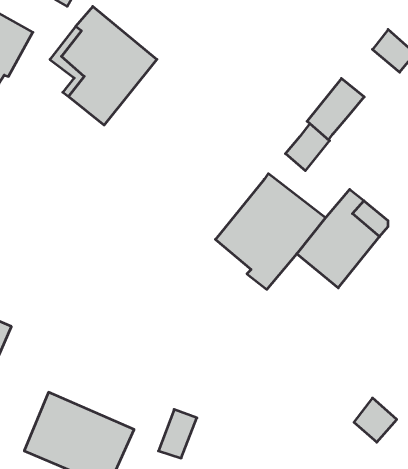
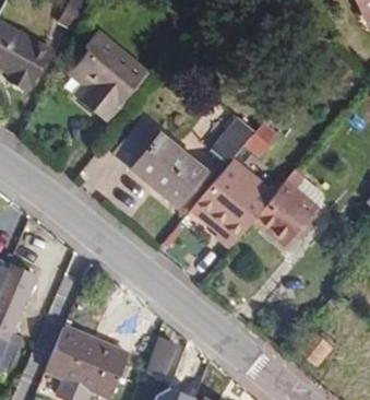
building: [307,78,364,140] -> [212,117,255,164]
building: none -> [114,119,206,208]

